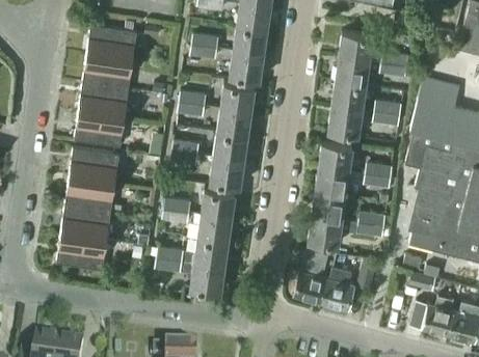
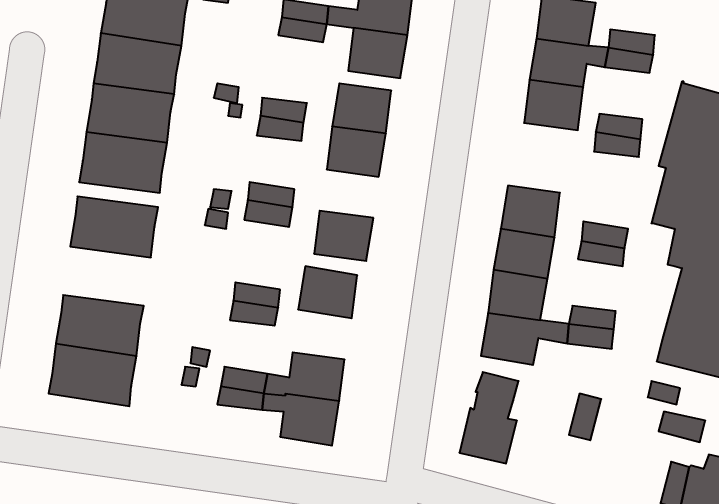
building: [328,104,363,133] -> none
building: [213,131,247,159] -> none
building: [64,175,115,210] -> none
building: [197,212,232,241] -> none
building: [321,266,354,308] -> none

